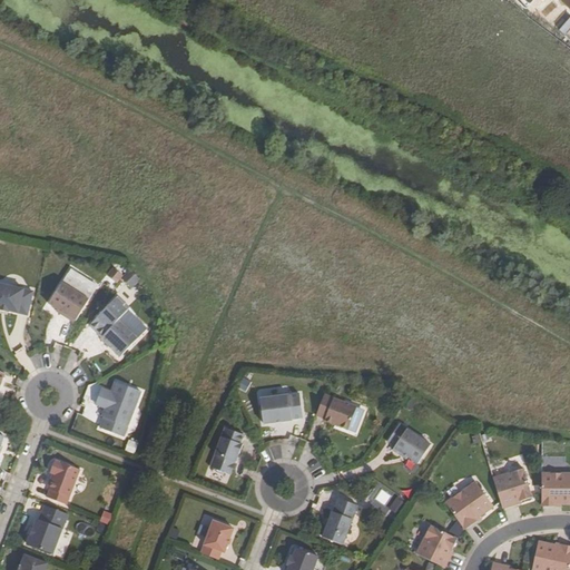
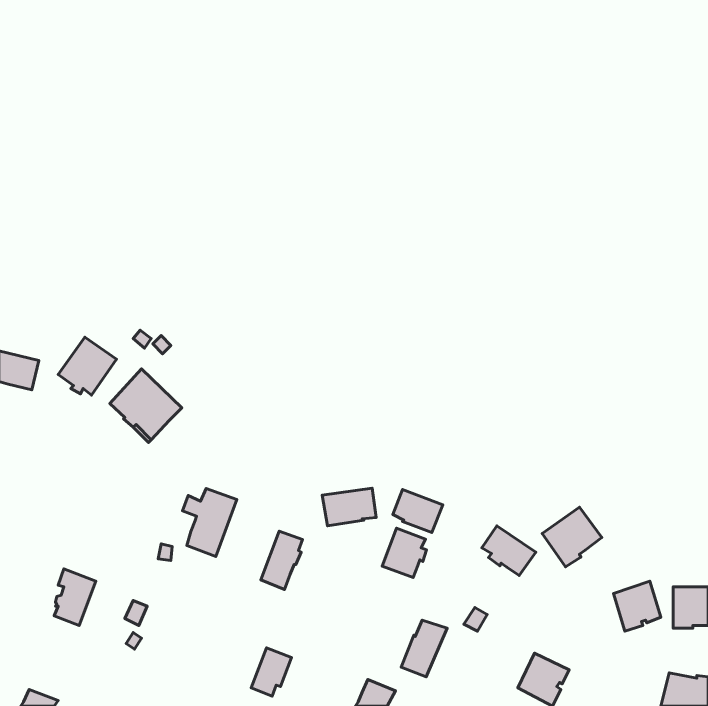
building: [96,381,139,435] -> [183,489,237,557]
building: none -> [382,528,426,578]
building: [444,480,492,528] -> [542,507,602,567]
building: [26,503,67,552] -> none

